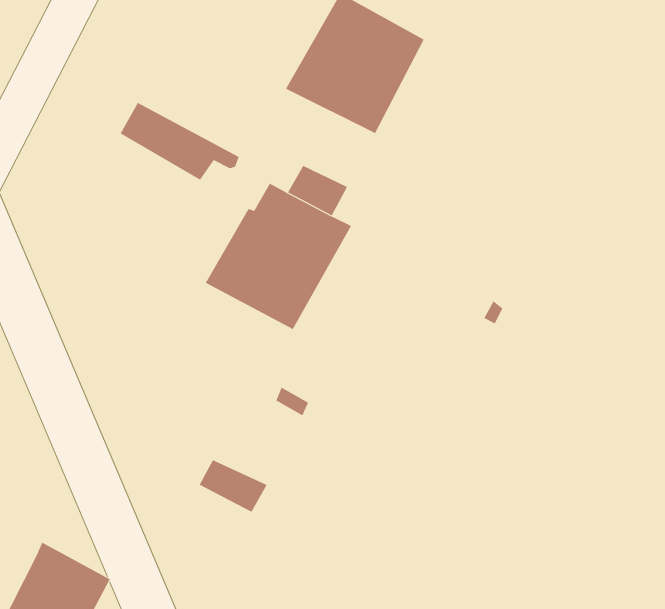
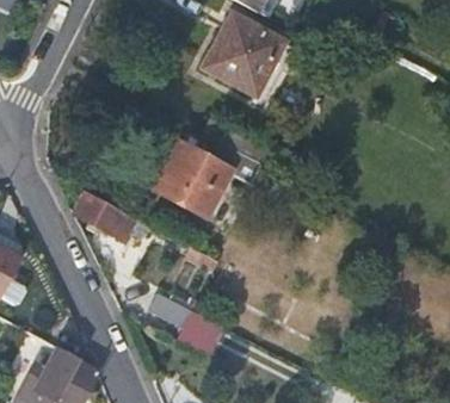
building: [120,102,240,180] -> [73,192,146,240]
building: none -> [179,309,227,355]

